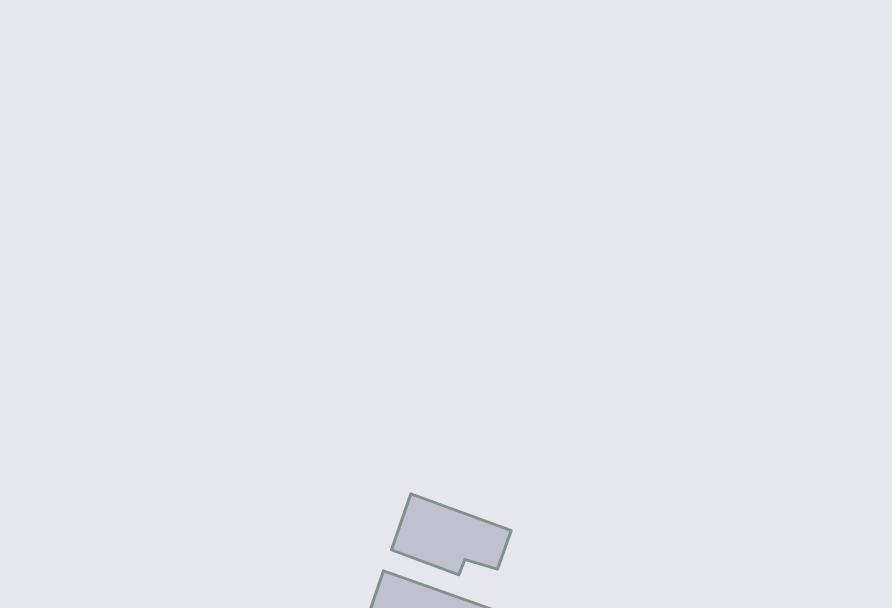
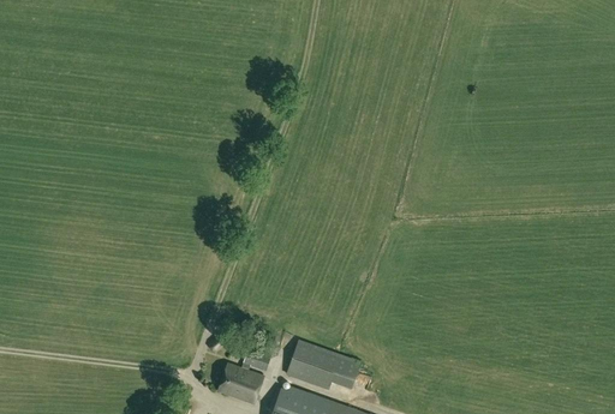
building: none -> [217,348,270,403]

